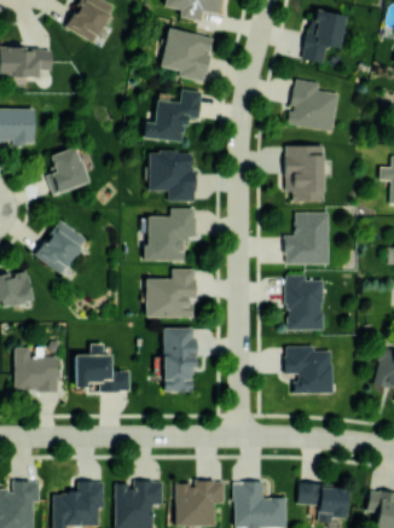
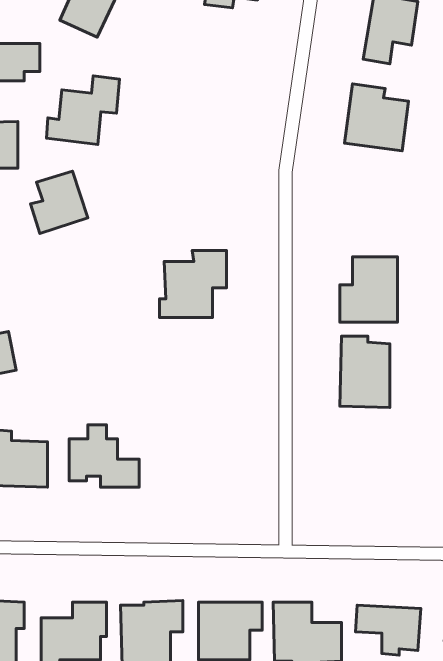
building: [161,28,213,81] -> none
building: [145,88,202,141] -> [46,76,120,144]
building: [285,144,325,201] -> none
building: [149,151,196,201] -> none
building: [36,220,87,274] -> none
building: [146,268,196,317] -> none
building: [163,327,195,391] -> none
building: [285,347,334,393] -> none

